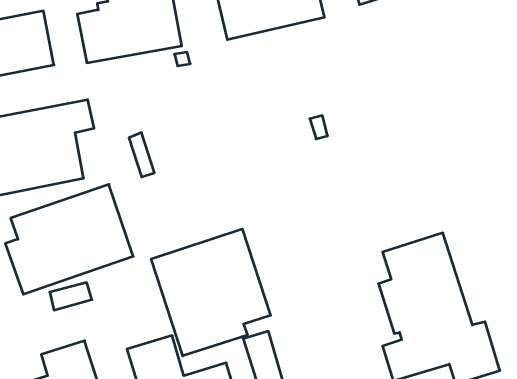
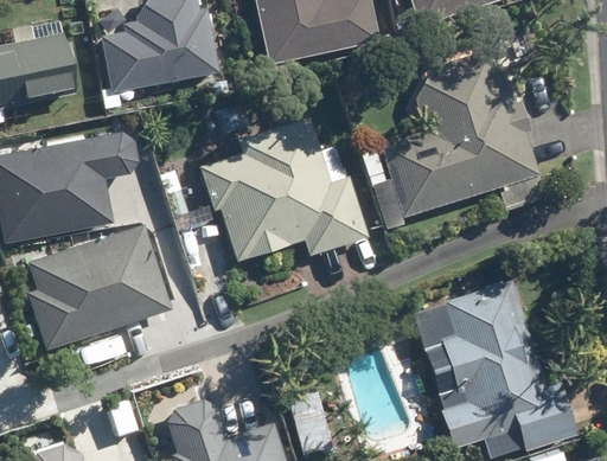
building: none -> [382,52,547,217]
building: none -> [203,119,369,260]
building: [151,229,271,356] -> none

